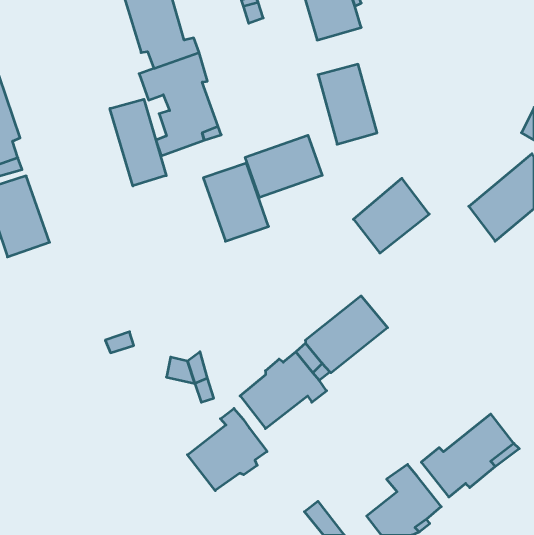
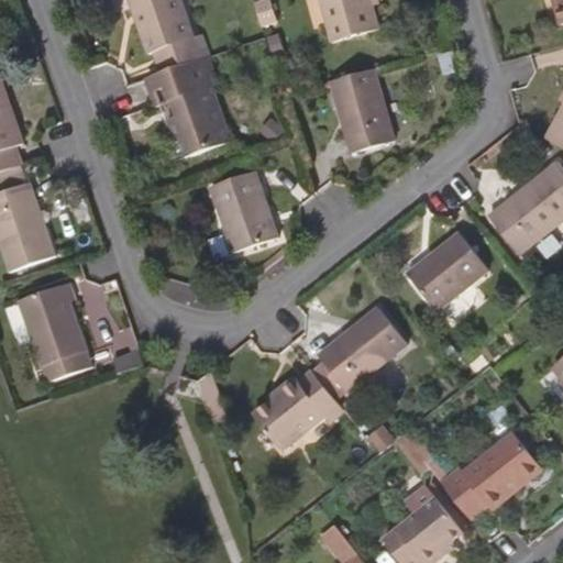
building: [110,99,166,186] -> none
building: [245,135,322,197] -> none
building: [353,178,429,253] -> [407,232,486,310]
building: none -> [18,285,89,382]
building: [187,408,267,491] -> none

